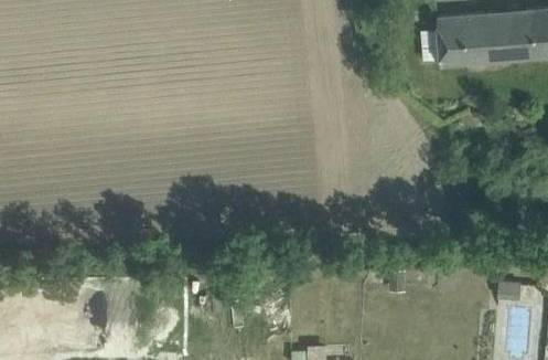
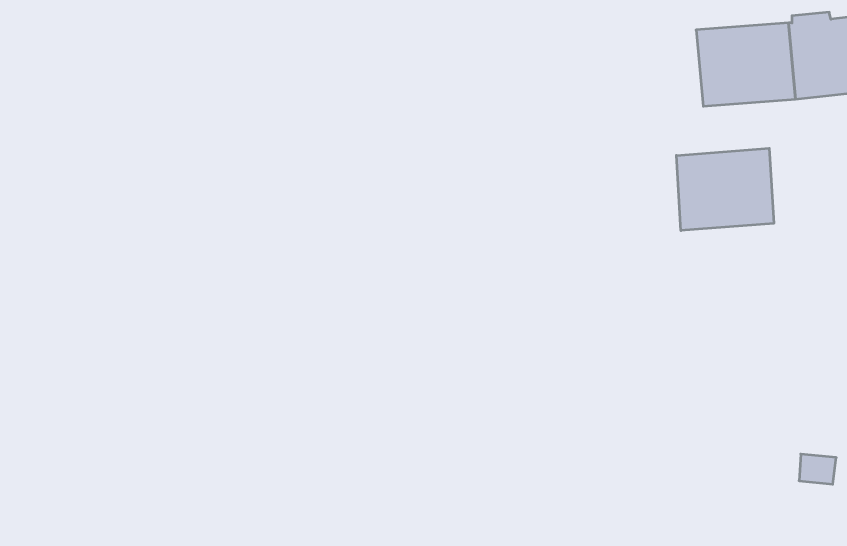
building: none -> [676,148,774,231]

